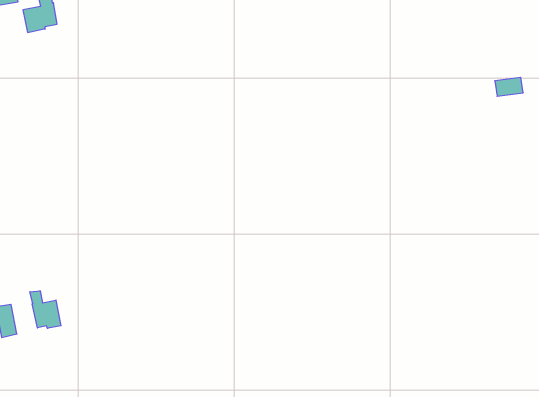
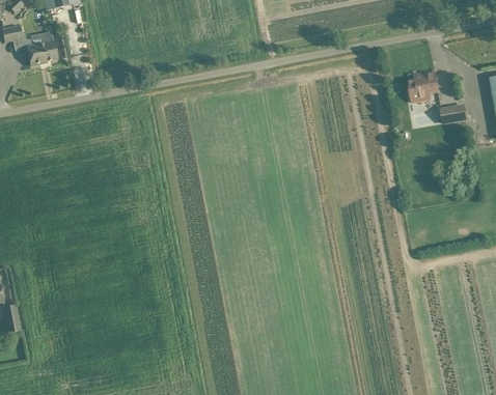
building: none -> [407,73,438,102]
building: [30,291,61,328] -> none

